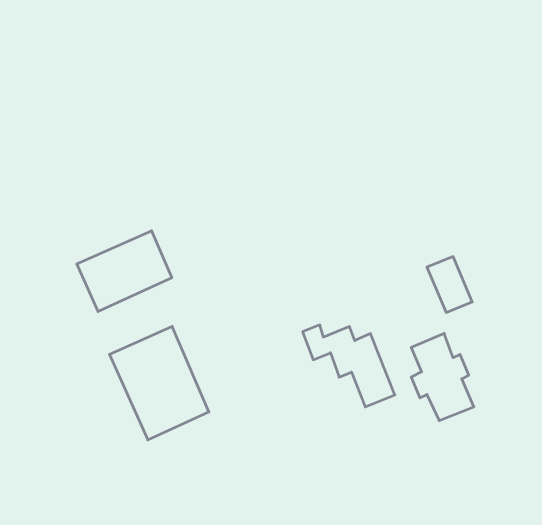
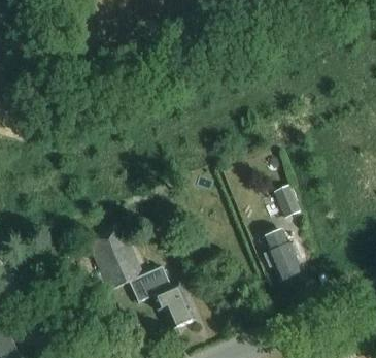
building: [77,231,172,312] -> none
building: [303,325,395,407] -> [137,279,192,327]

